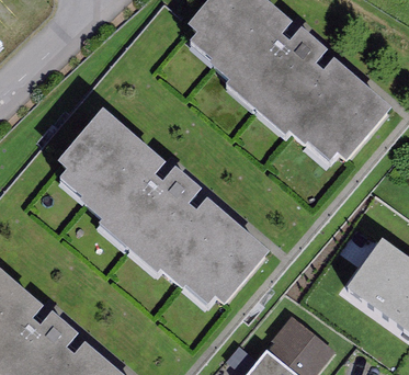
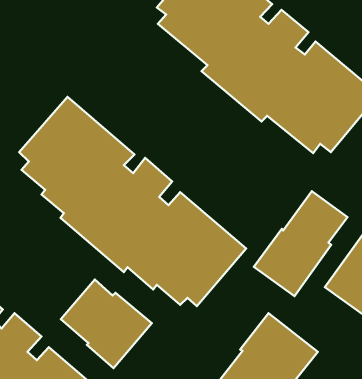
building: none -> [254,191,347,296]
building: none -> [61,280,152,368]

